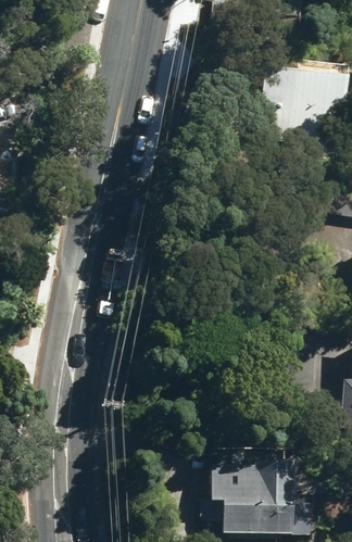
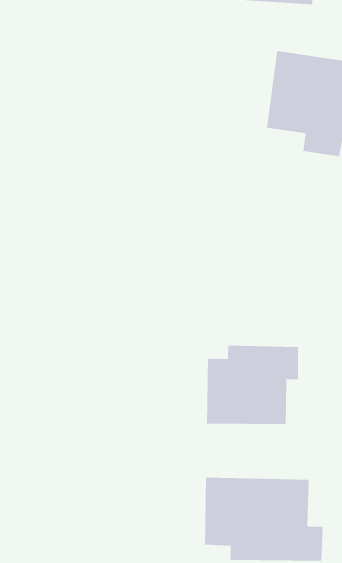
building: none -> [206,345,299,425]

